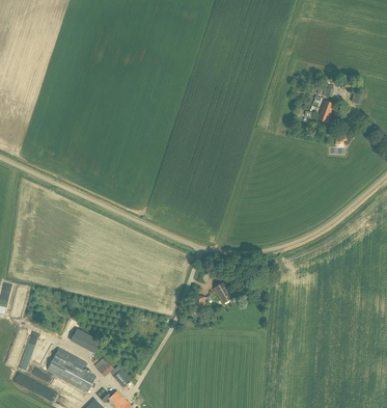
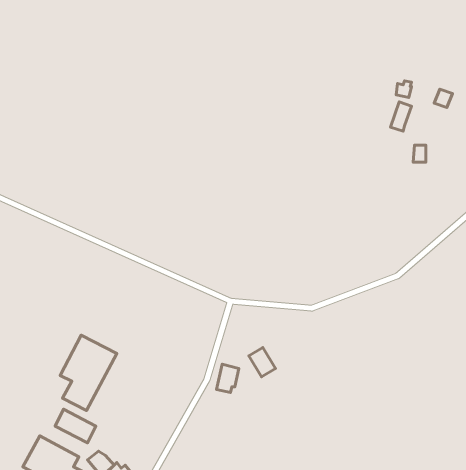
building: none -> [60,335,117,411]

